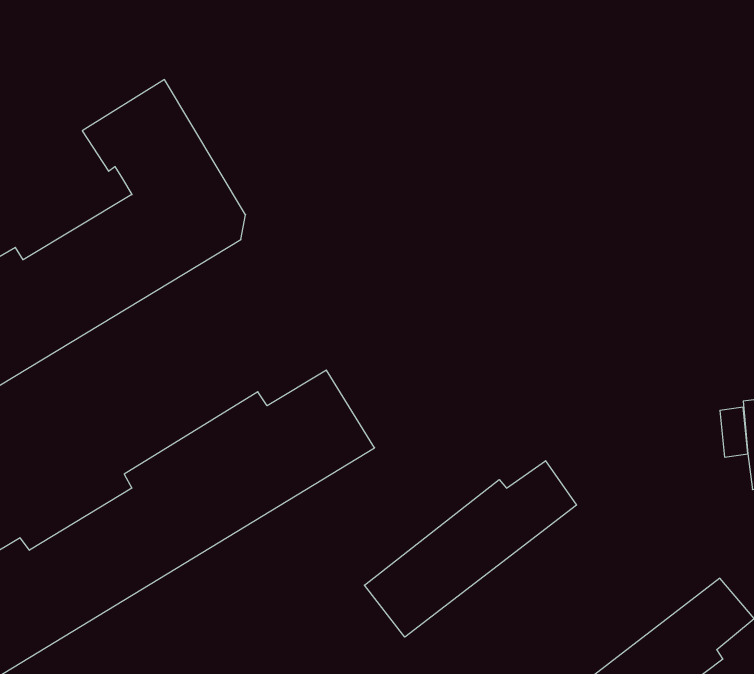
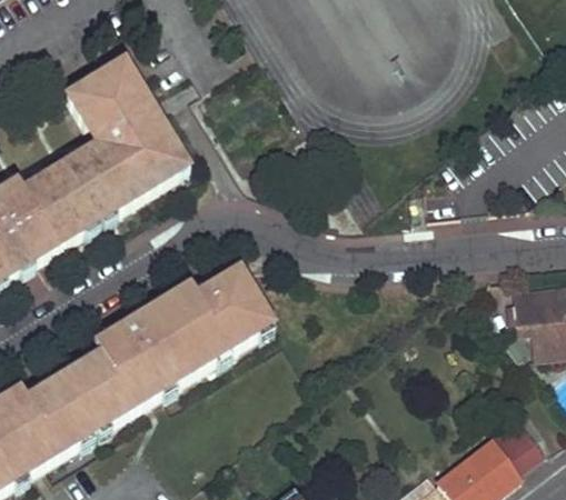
building: [364,461,577,637] -> none

